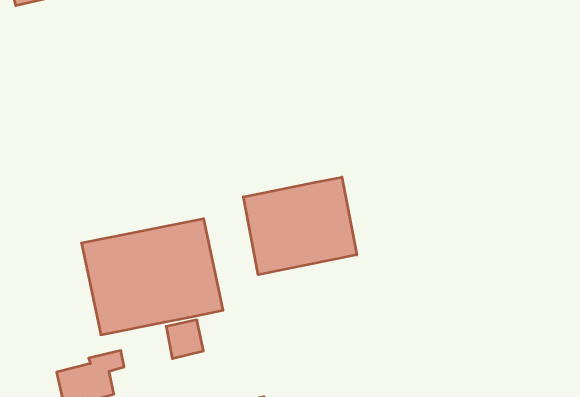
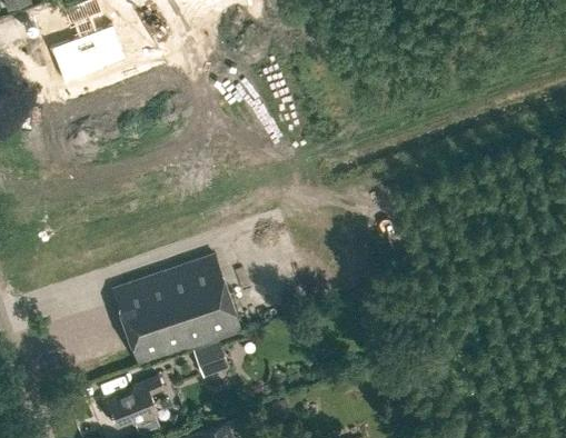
building: [243,177,357,275] -> none

